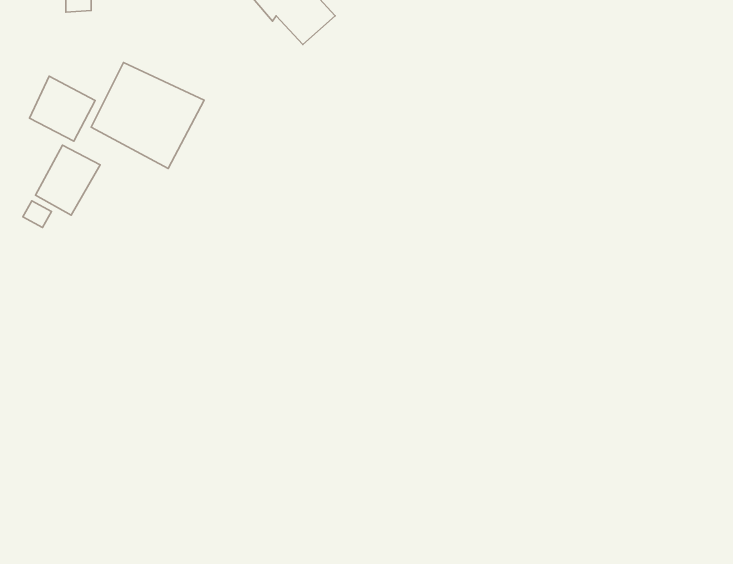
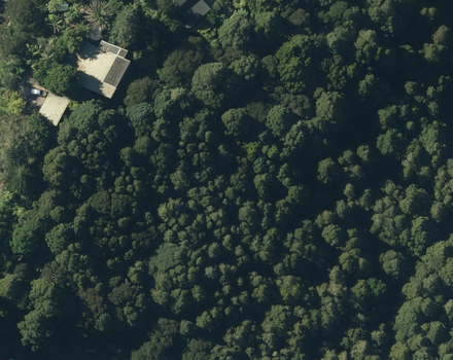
building: [29,76,95,141] -> none

